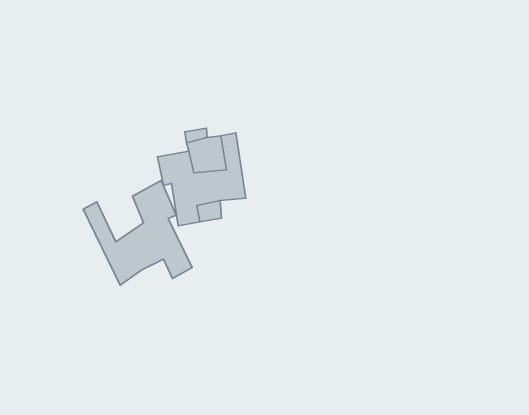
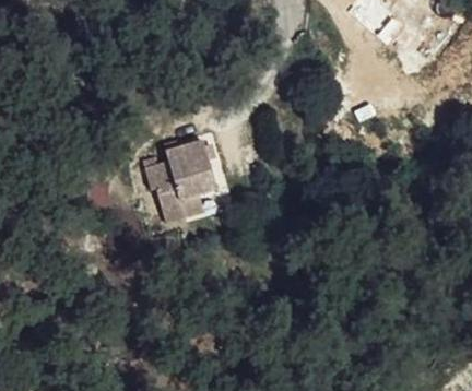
building: [83,181,192,285] -> none

